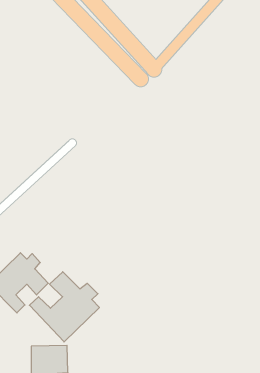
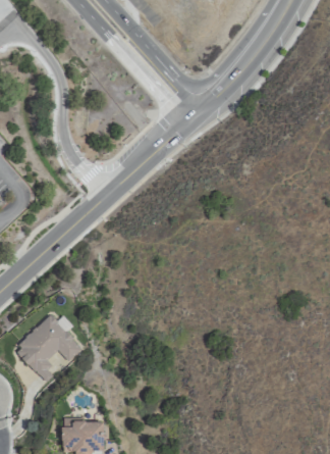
building: [29,272,99,342] -> none

